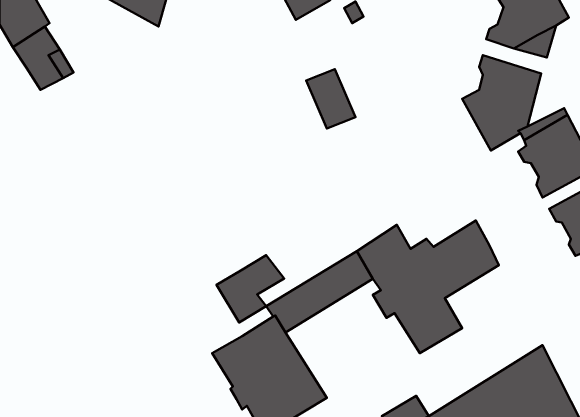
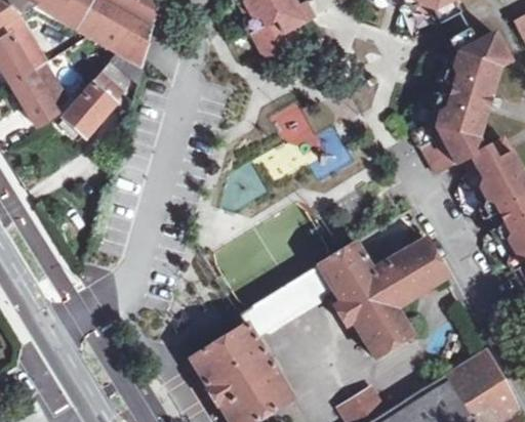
building: none -> [65,60,139,135]
building: [216,255,284,322] -> none

